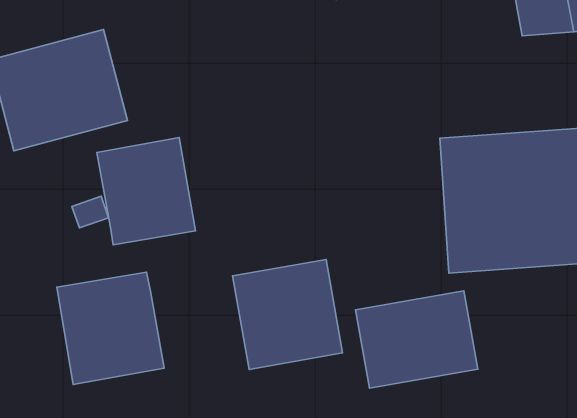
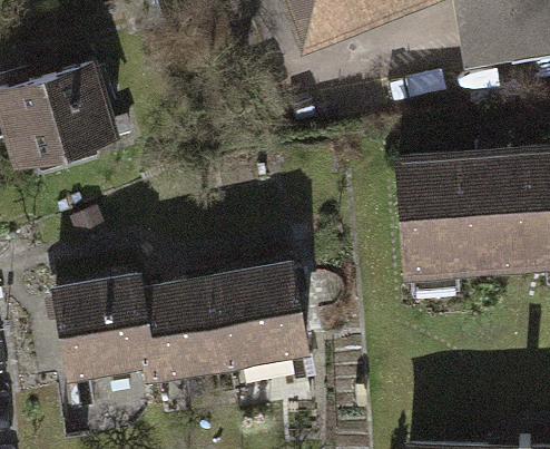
building: [97,137,196,245] -> [139,280,226,374]
building: [356,291,478,388] -> none

